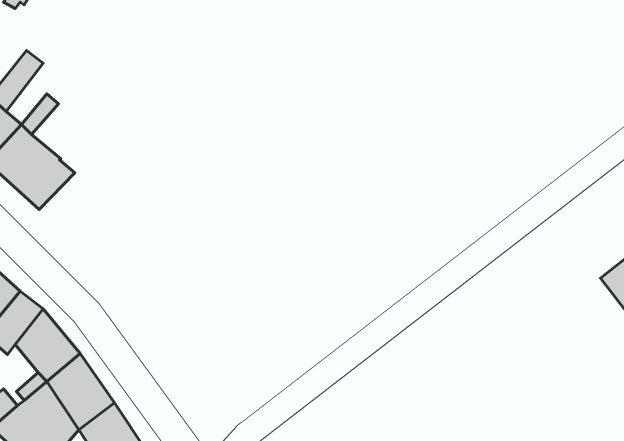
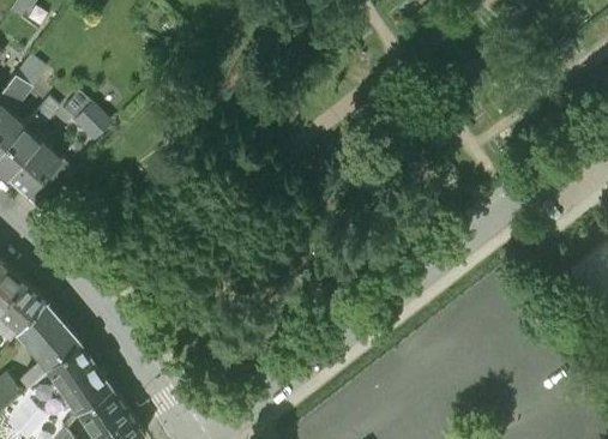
building: none -> [62,91,109,138]

